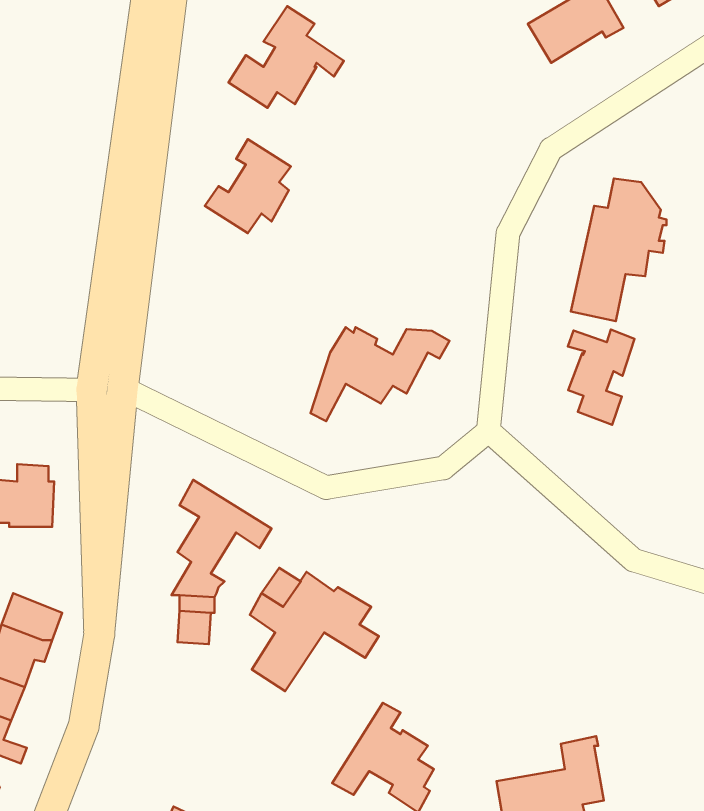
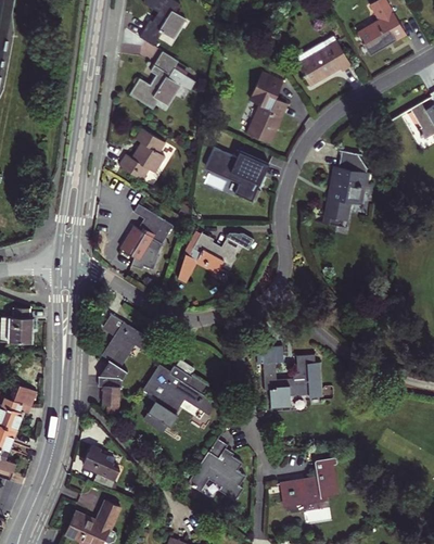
building: none -> [246,71,288,142]
building: none -> [205,147,268,202]
building: none -> [120,203,171,267]
building: [568,330,635,425] -> none
building: none -> [256,346,322,409]
building: none -> [81,446,119,490]

